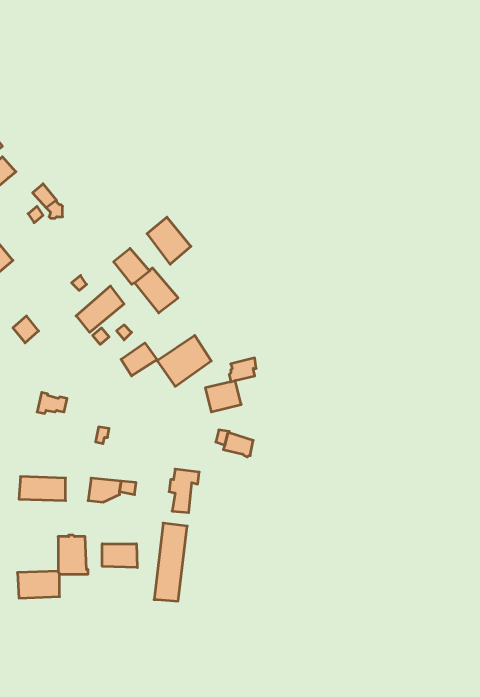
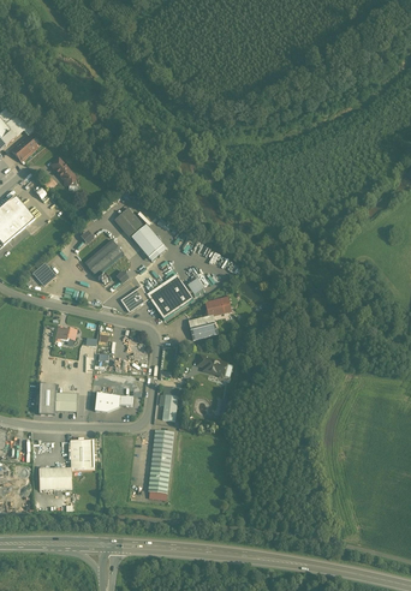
building: [147,217,191,264] -> none
building: [102,544,137,568] -> none

